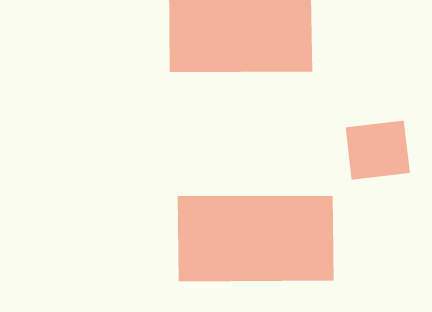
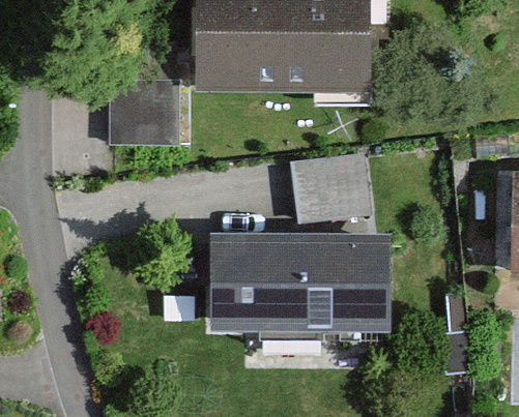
building: none -> [107,80,179,144]
building: [345,120,411,180] -> [289,151,367,221]

